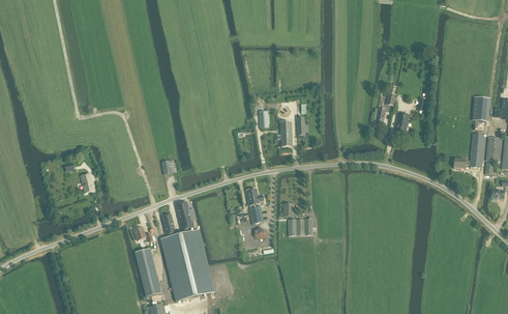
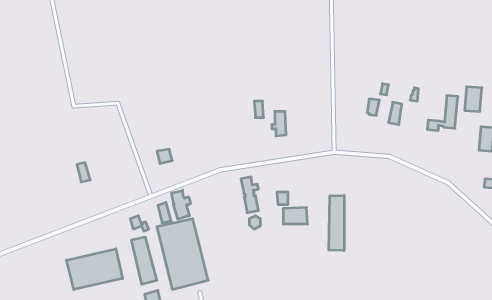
building: [452,133,483,168] -> [427,96,458,130]
building: none -> [329,195,344,251]
building: none -> [66,249,123,290]

